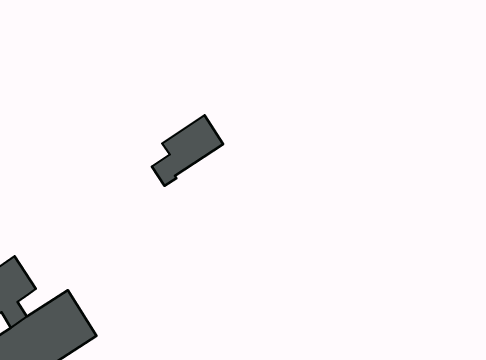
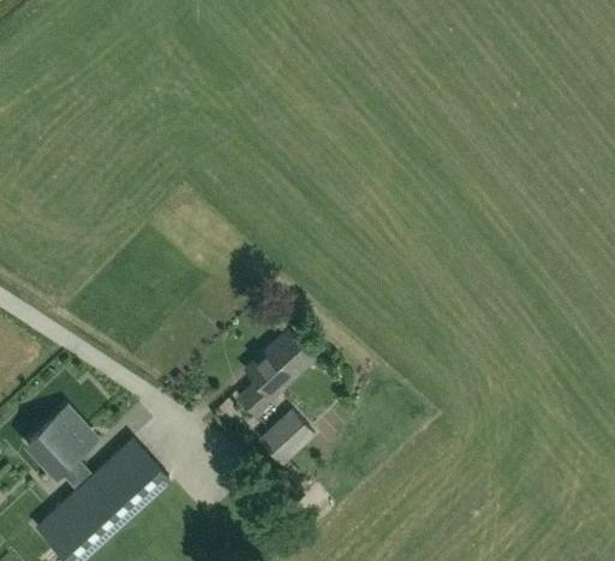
building: [152,115,223,186] -> [237,330,312,417]
building: none -> [259,410,314,465]

